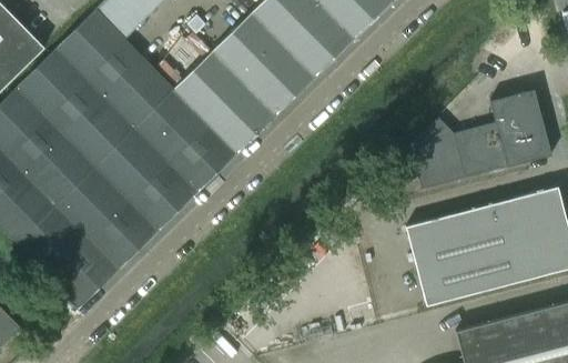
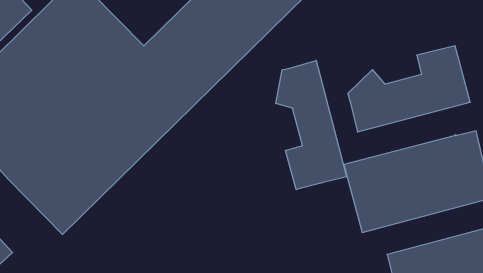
building: none -> [276,60,347,190]

